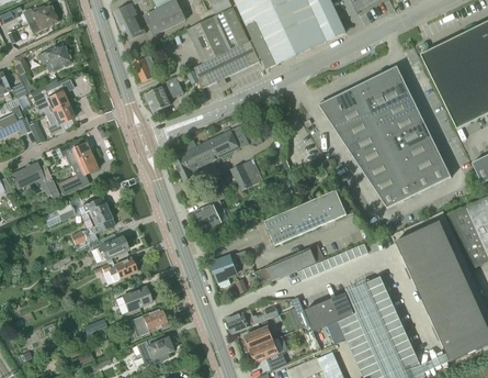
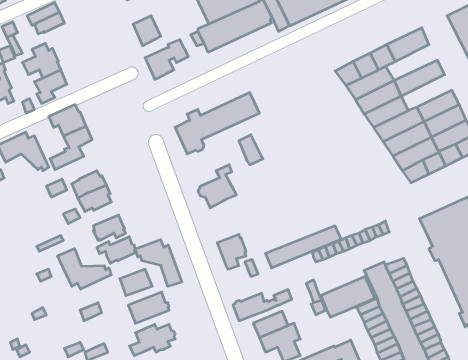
building: [364,80,411,113] -> none
building: [378,108,424,141] -> none
building: [264,189,347,245] -> none
building: none -> [135,240,182,286]
building: none -> [58,249,111,289]

